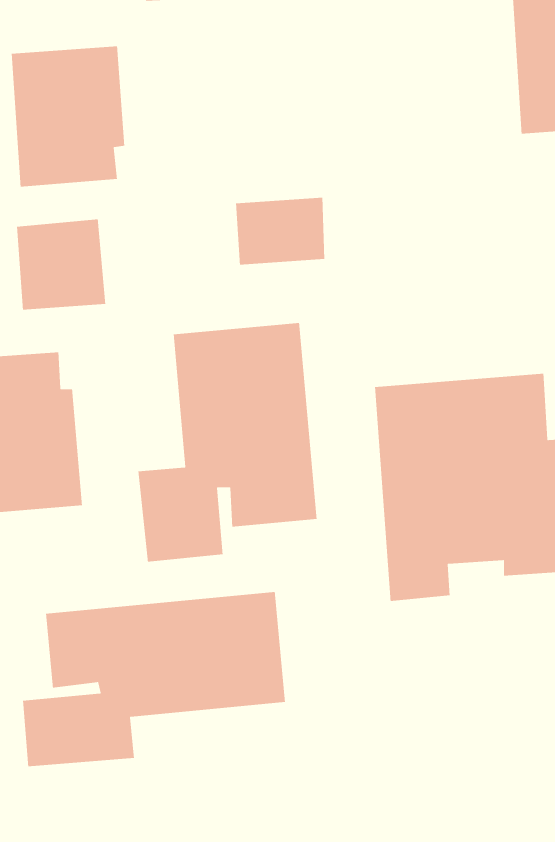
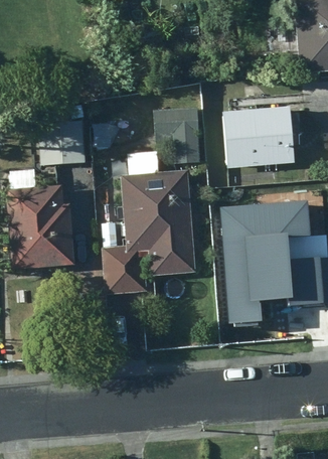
building: [11,46,125,188] -> none
building: none -> [223,108,294,167]
building: [22,591,286,767] -> none

